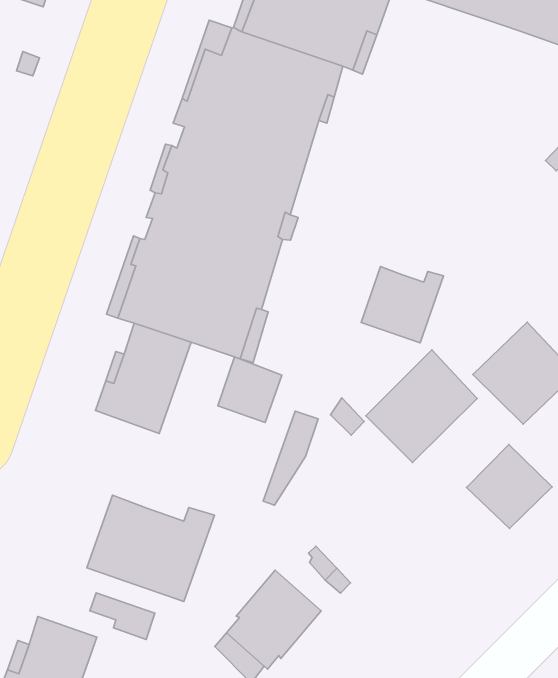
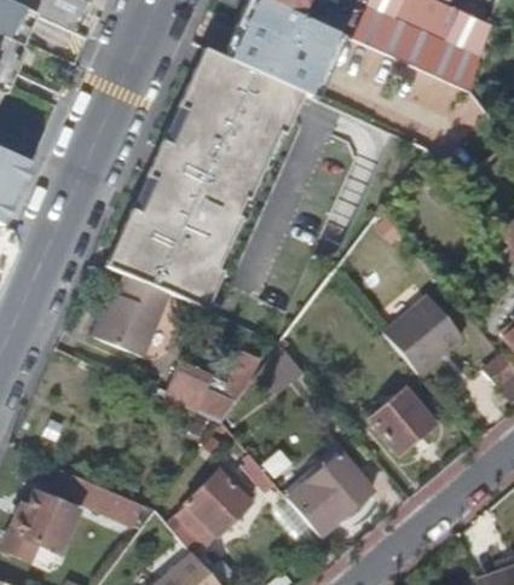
building: [361,267,443,343] -> none
building: [366,350,477,463] -> [288,451,374,535]
building: [218,357,282,423] -> [162,357,213,409]
building: [87,495,214,602] -> none

